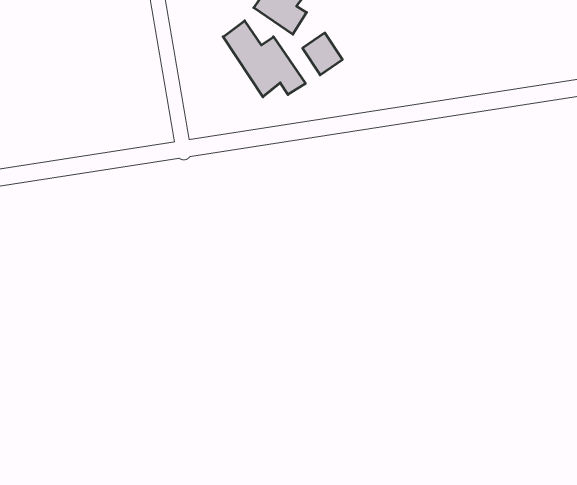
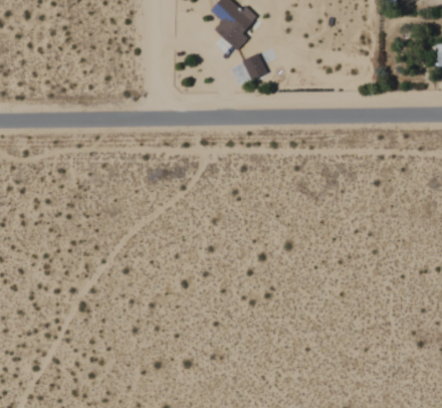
building: [223,21,305,97] -> none

